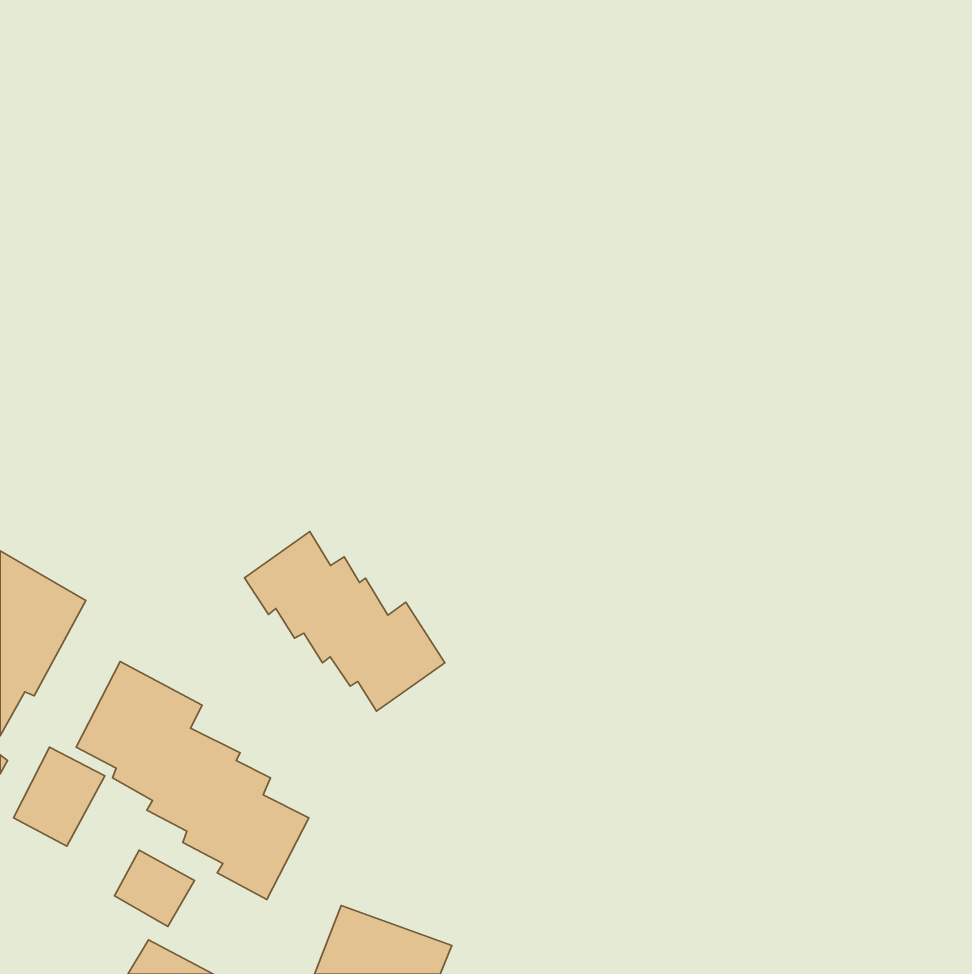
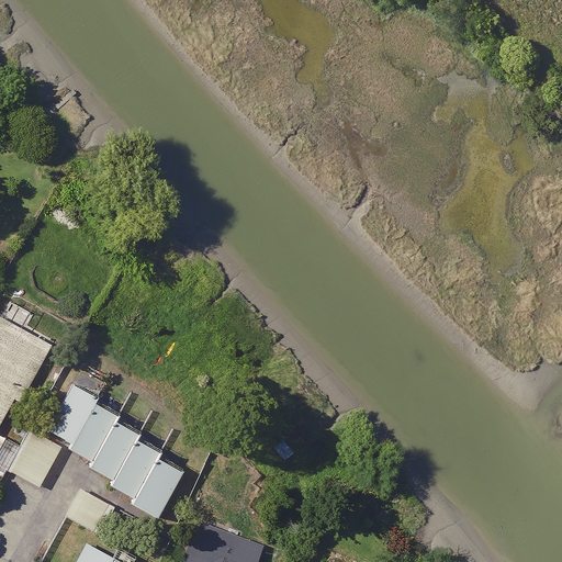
building: [245,532,445,711] -> none

